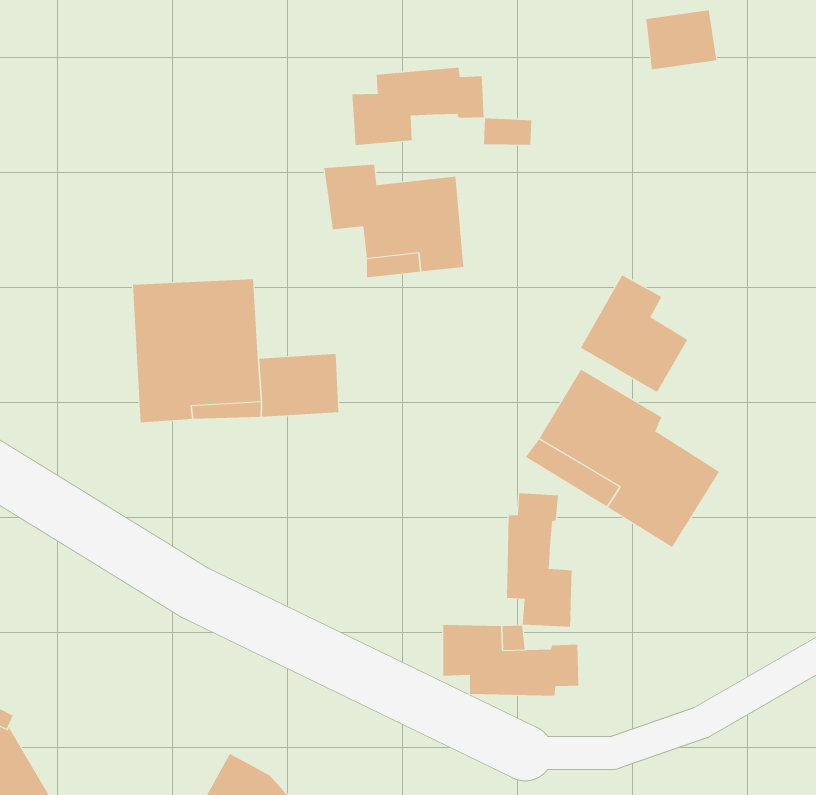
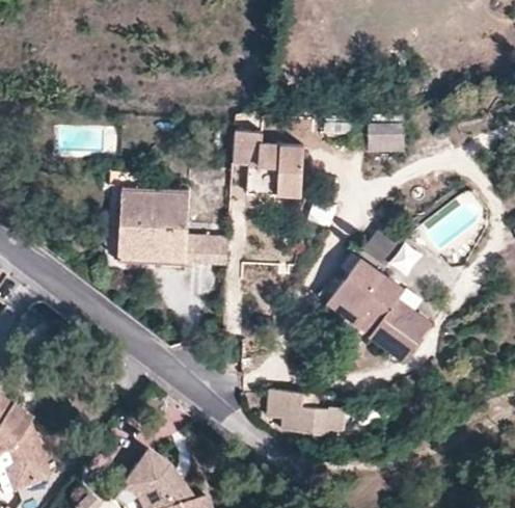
building: [646,10,717,70] -> [368,123,404,152]
building: [352,67,484,146] -> none
building: [506,492,572,628] -> none

